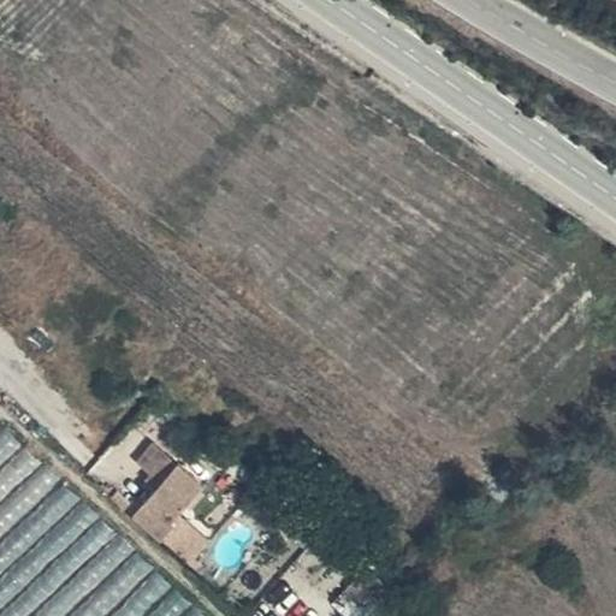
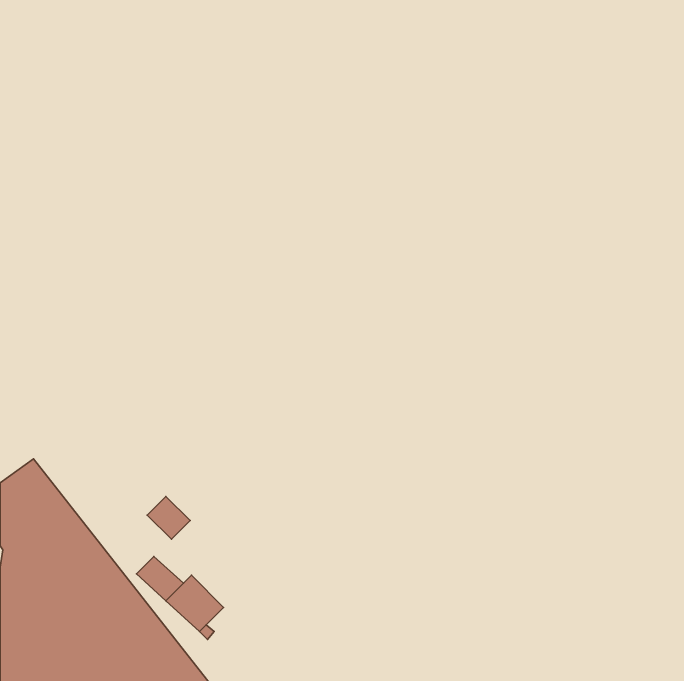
building: [138,470,196,527] -> none

